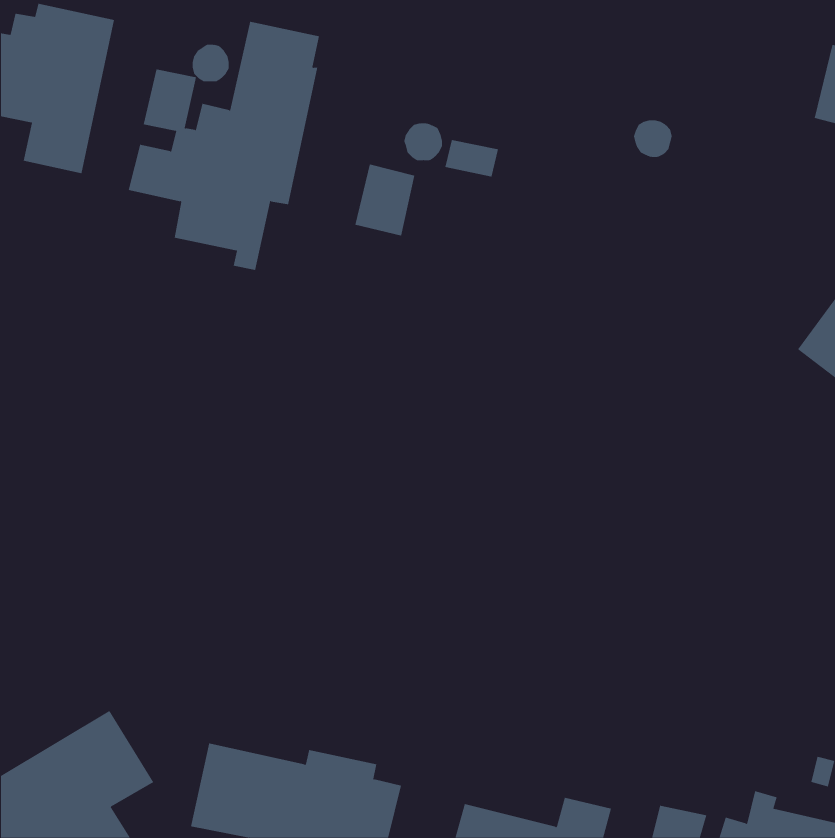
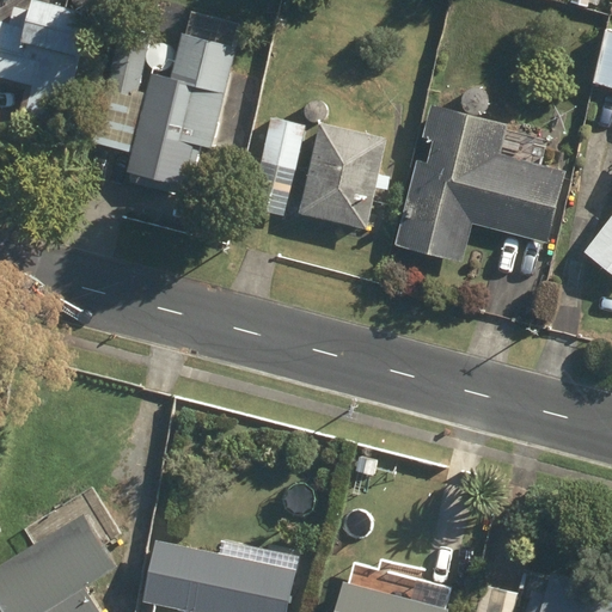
building: none -> [396,106,565,261]
building: none -> [299,124,390,232]

